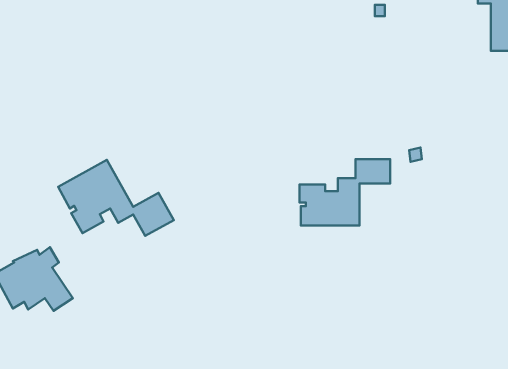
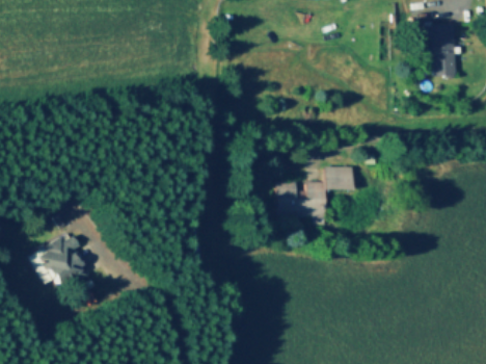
building: [58,160,174,236] -> none

